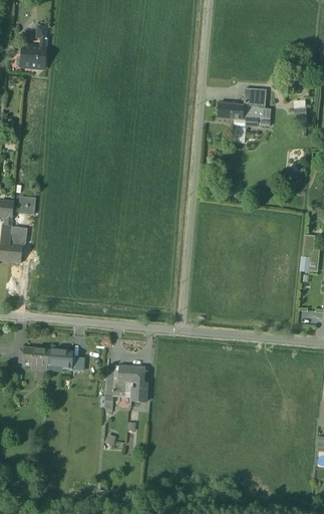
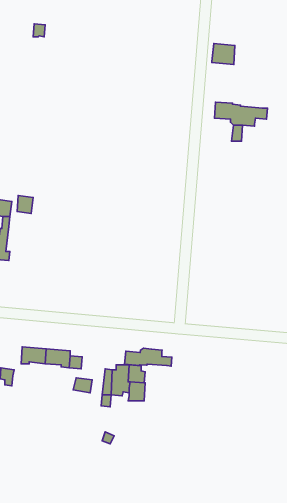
building: [20,44,46,68] -> none
building: [243,87,266,108] -> [212,44,235,65]
building: [8,227,26,262] -> none
building: none -> [124,348,172,366]

